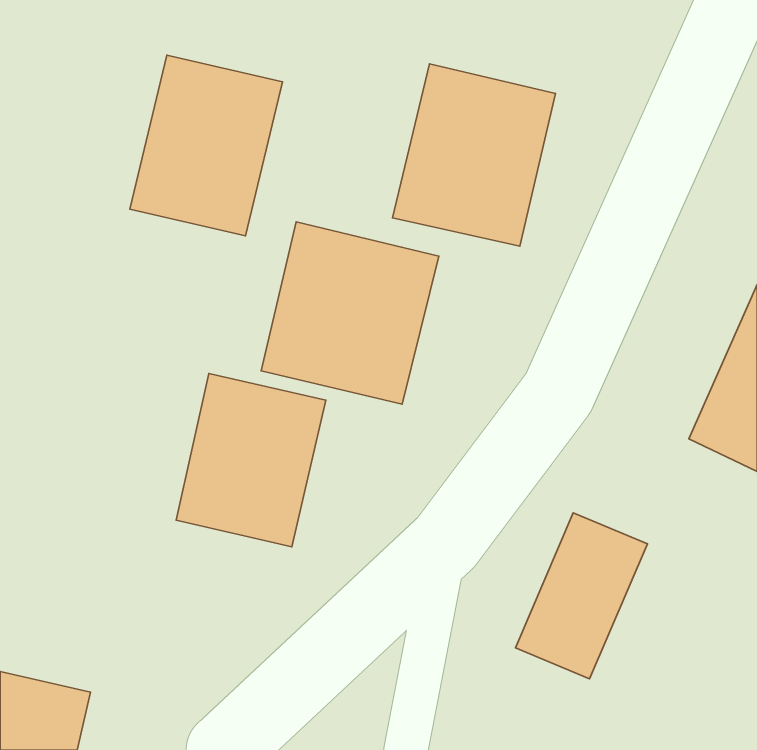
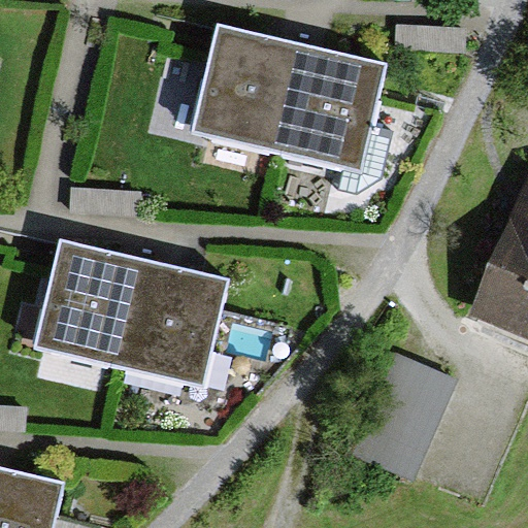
building: [130,55,283,236] -> [193,26,299,152]
building: [261,222,439,404] -> none
building: none -> [41,241,145,362]

